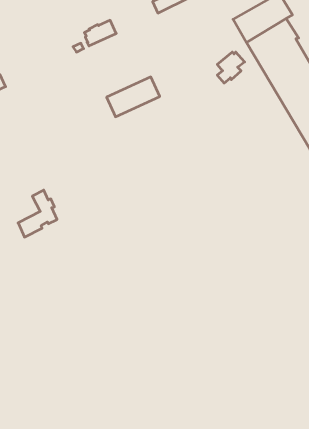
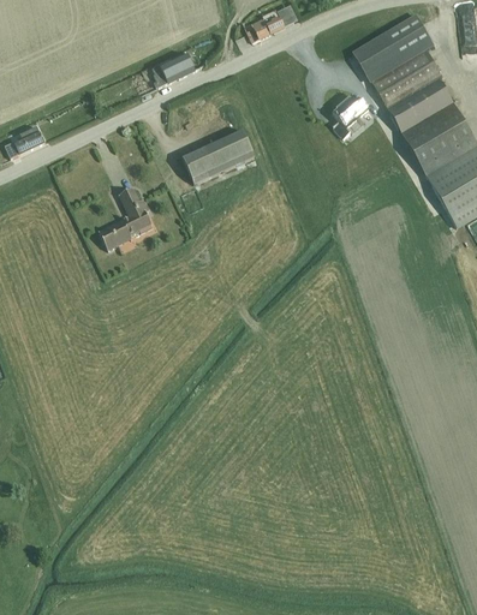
building: [18,190,57,237] -> [99,187,151,251]

